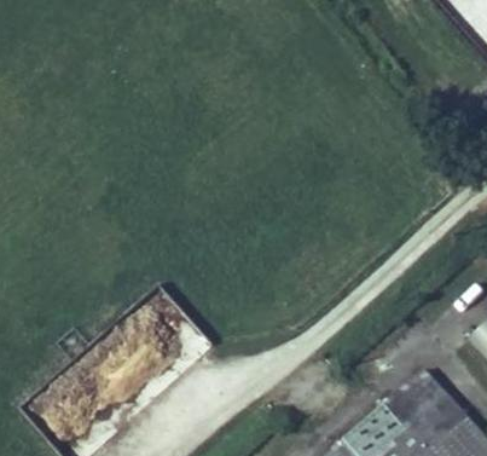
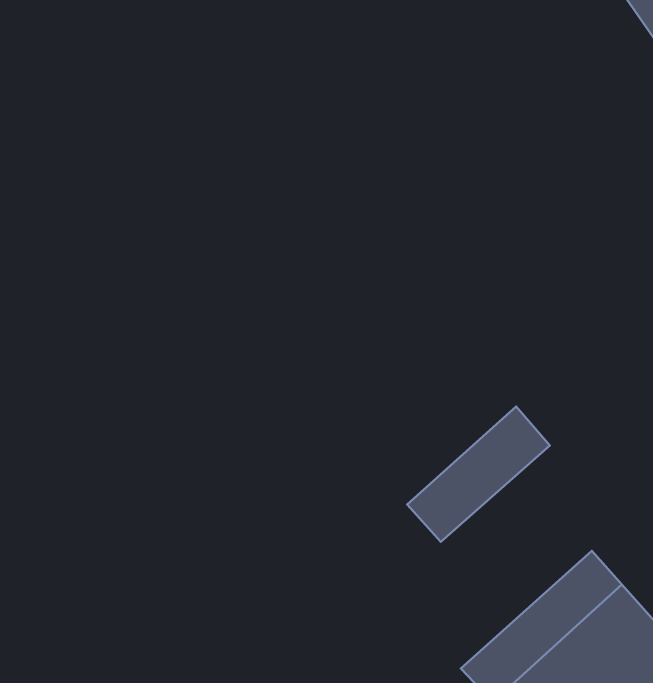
building: none -> [407,407,550,542]

